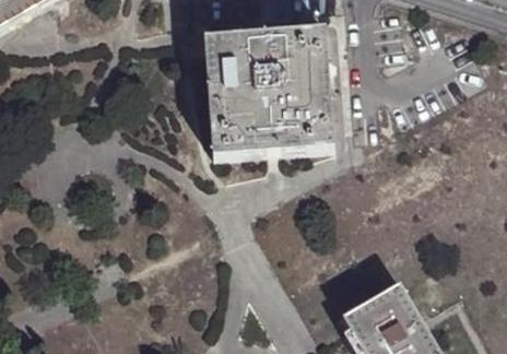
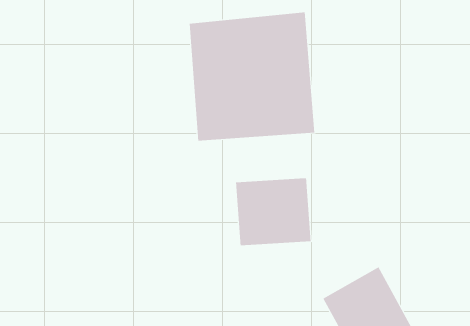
building: none -> [236,177,311,246]

